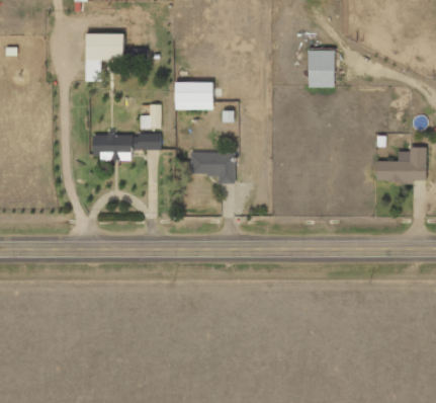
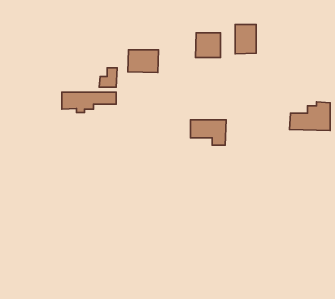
building: [85,33,147,82] -> none
building: none -> [196,33,220,57]
building: [190,153,235,184] -> [190,120,226,145]

